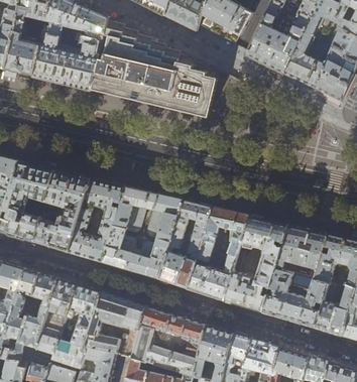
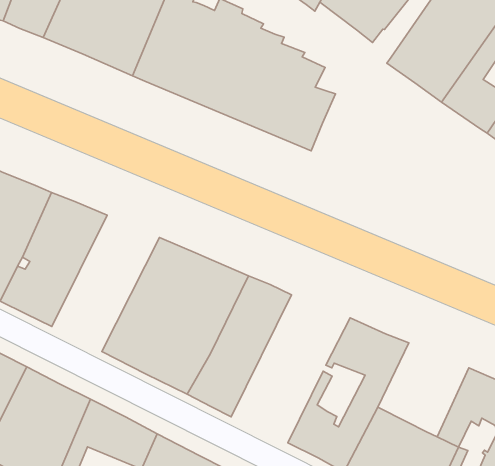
building: [68,178,124,262] -> none
building: [187,208,249,298] -> none
building: [275,225,327,279] -> none

